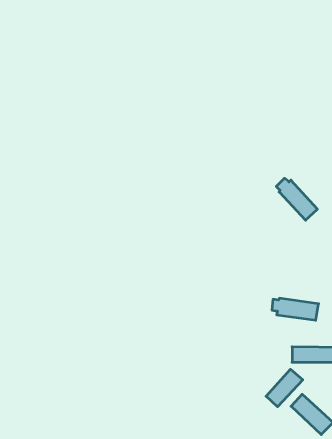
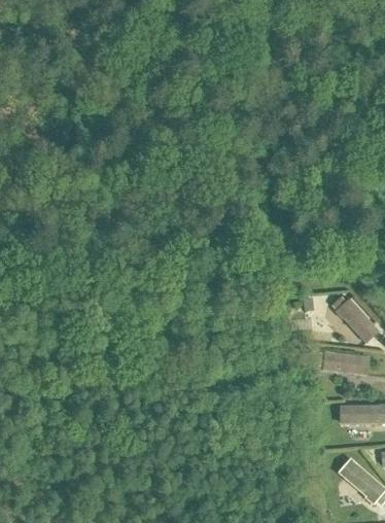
building: [276,178,317,220] -> [332,295,379,343]
building: [266,369,303,407] -> none

